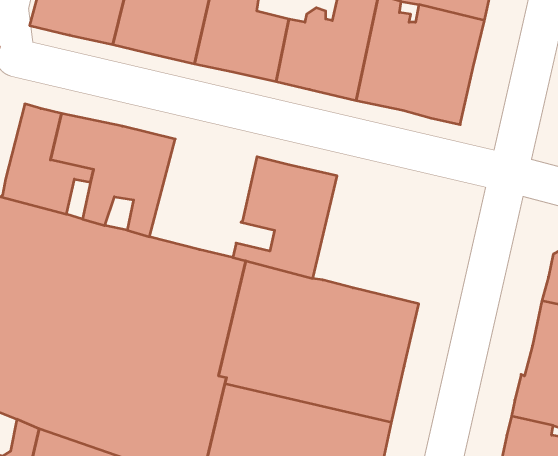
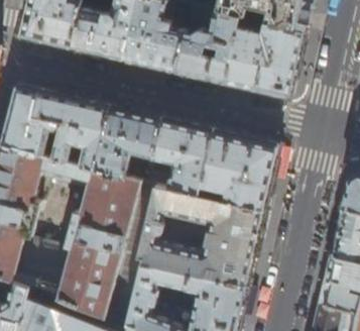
building: none -> [95,109,162,179]
building: none -> [198,132,279,213]

